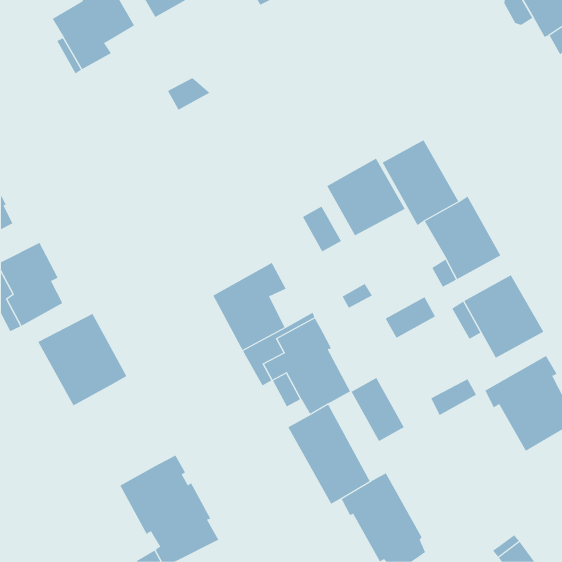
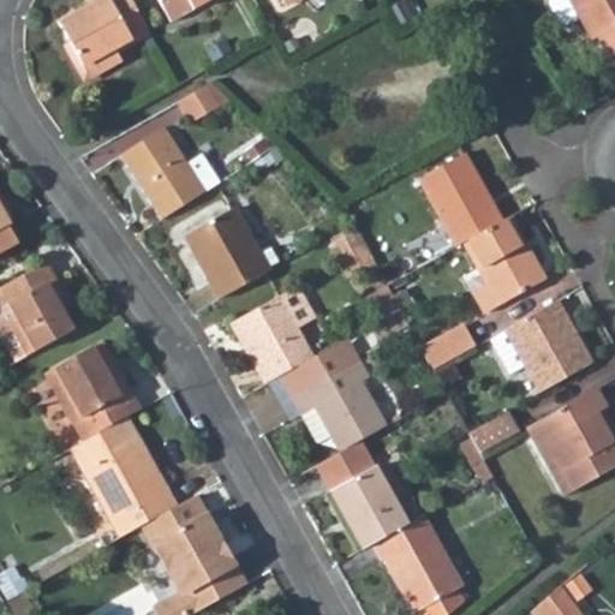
building: none -> [127,129,208,220]
building: [327,158,405,236] -> none
building: none -> [186,209,270,298]
building: [351,377,405,442] -> none
building: none -> [70,417,174,537]

